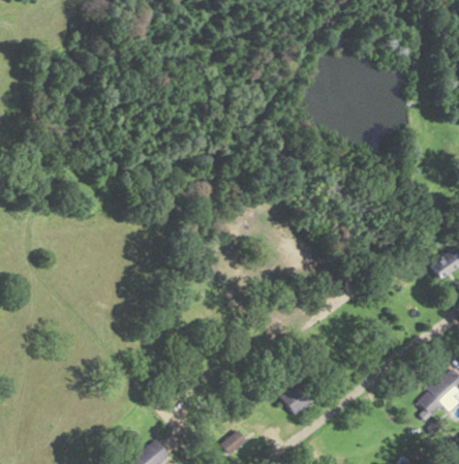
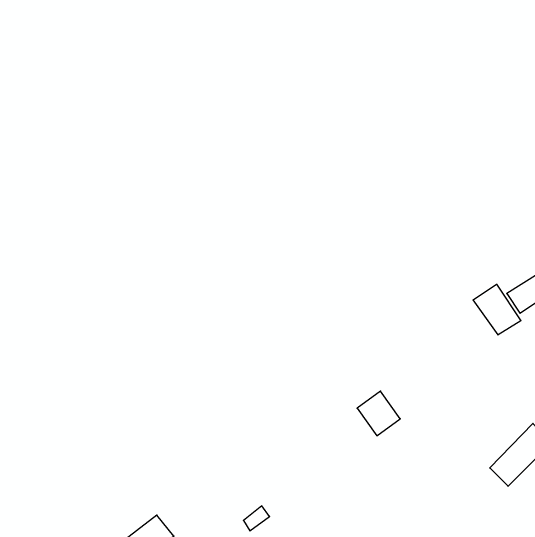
building: none -> [473,284,521,335]
building: [278,381,312,416] -> [357,391,400,436]

